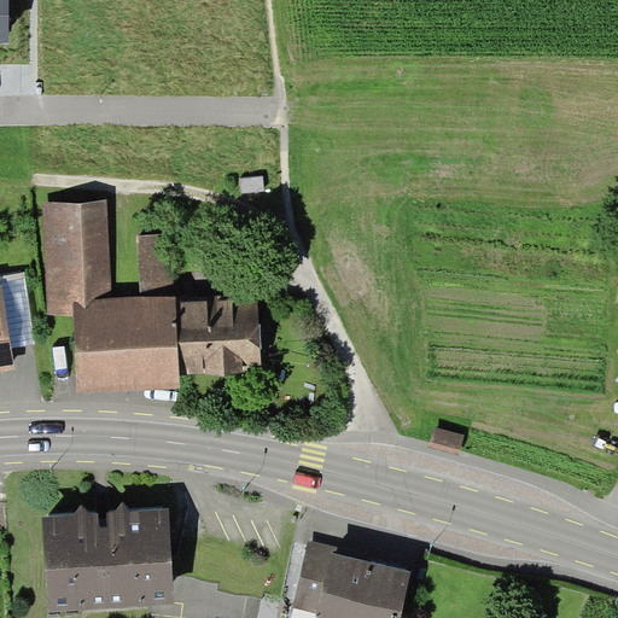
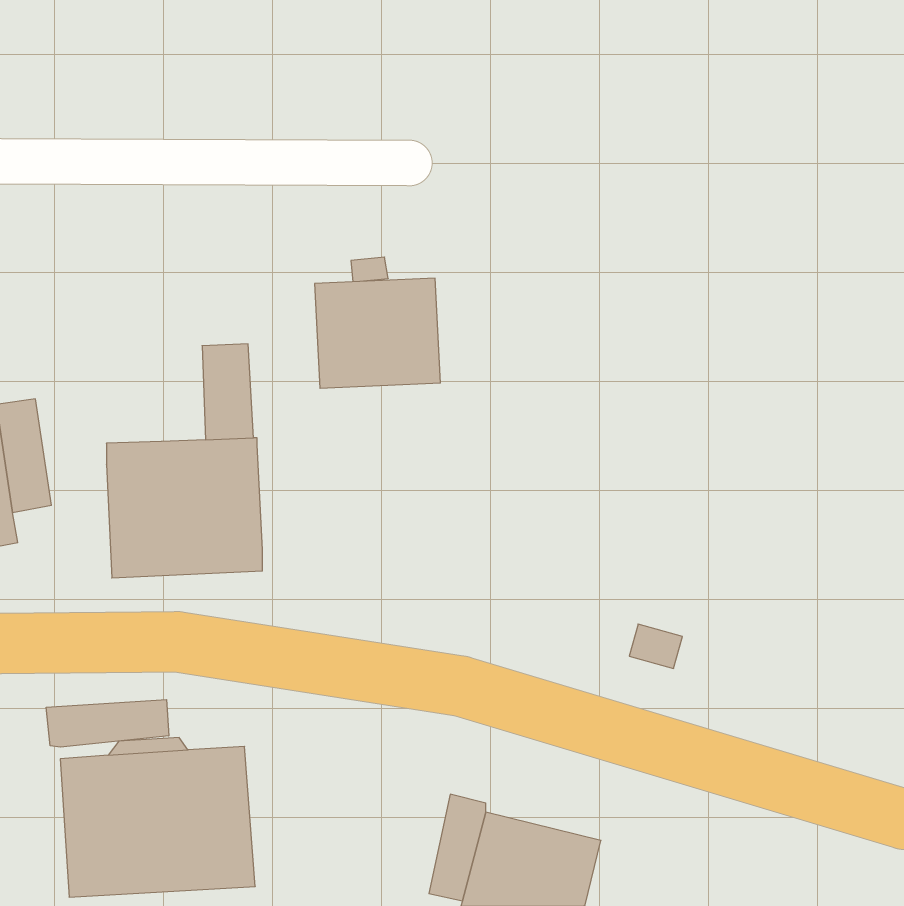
building: [42,200,110,317] -> none
building: [175,299,261,374] -> [315,278,440,388]
building: none -> [46,700,169,747]

